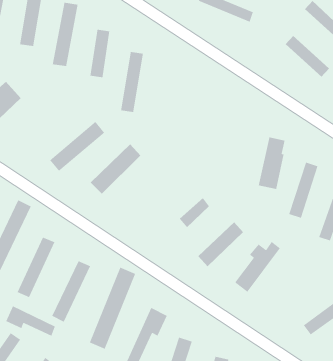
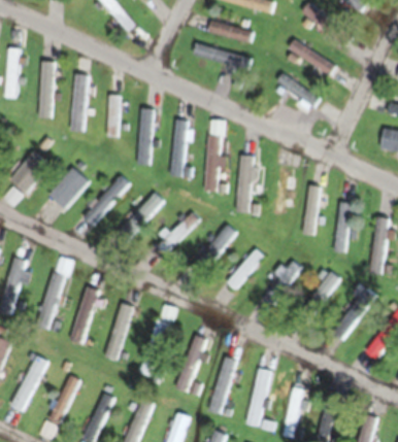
building: none -> [173,120,188,176]
building: none -> [204,120,223,192]
building: none -> [47,168,88,209]
building: none -> [236,156,254,213]
building: none -> [161,211,197,259]
building: none -> [305,270,339,313]
building: [5,305,56,337] -> none

